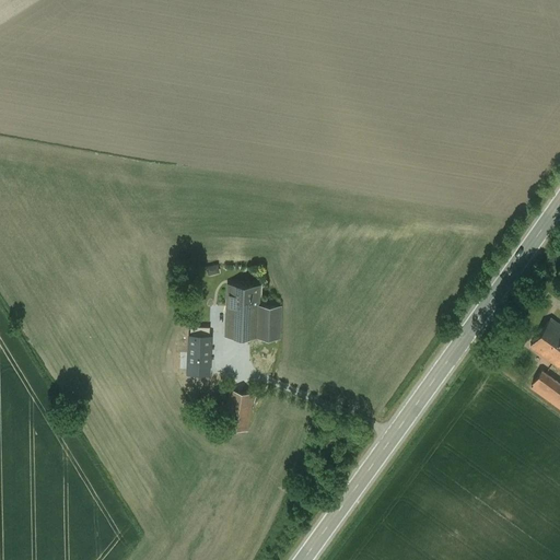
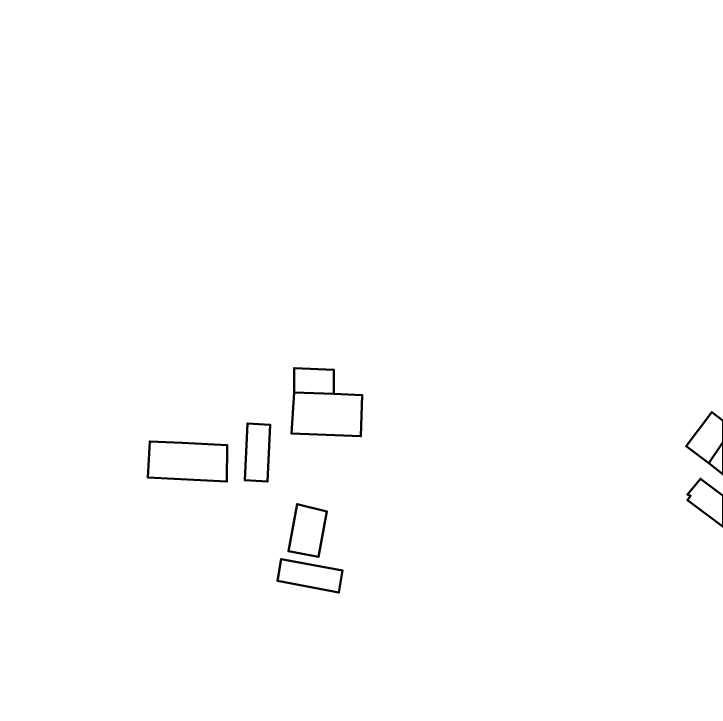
building: none -> [148,441,227,481]
building: none -> [278,559,343,592]

